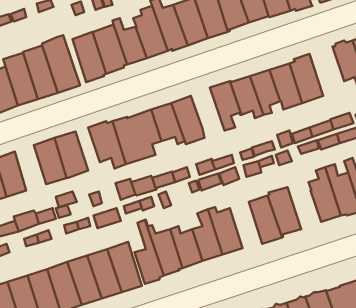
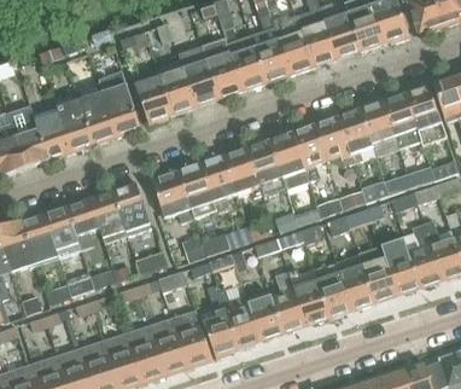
building: none -> [405,83,445,146]
building: none -> [268,132,308,190]
building: none -> [66,198,98,250]
building: none -> [380,245,419,295]
building: none -> [314,263,351,319]

